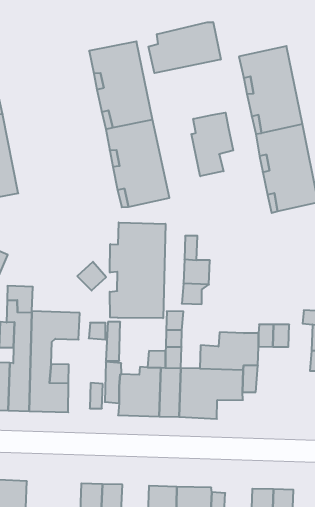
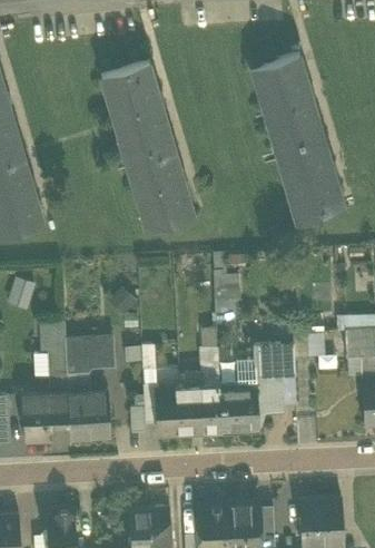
building: [148,22,221,73] -> none
building: [191,113,233,176] -> none
building: [110,222,165,318] -> none

